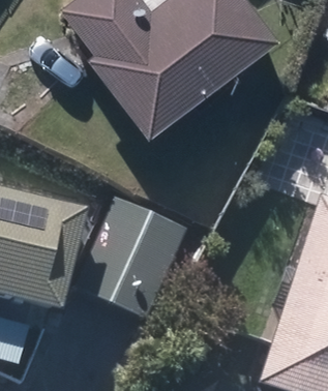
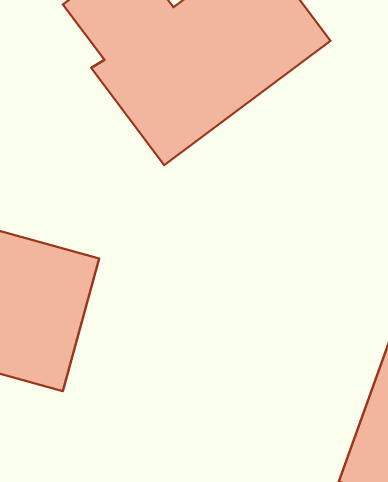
building: [79,203,185,319] -> none

